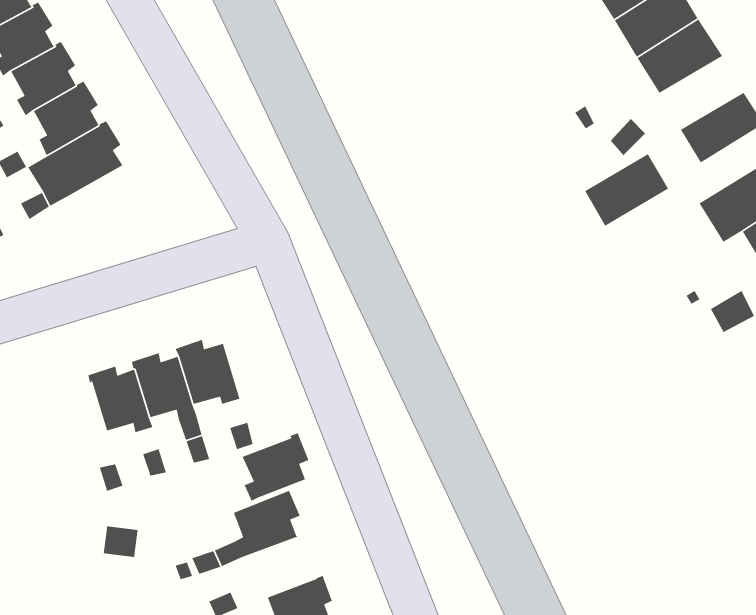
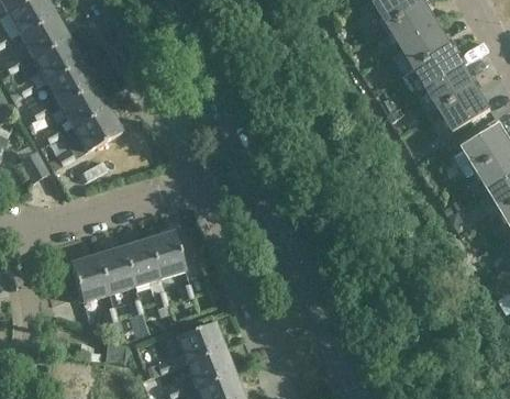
building: [584,153,669,227] -> [429,69,478,112]
building: none -> [70,258,108,297]
building: [242,432,309,502] -> [190,346,230,387]

